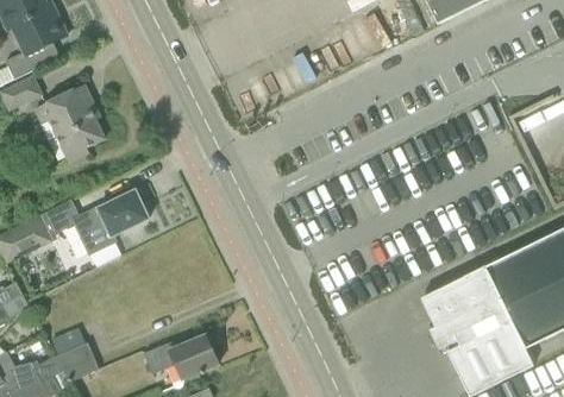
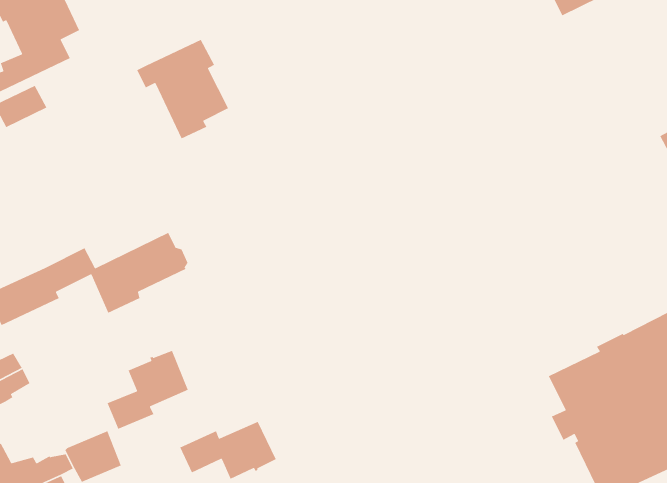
building: [33,83,105,160] -> [136,39,229,140]
building: none -> [107,350,189,430]

